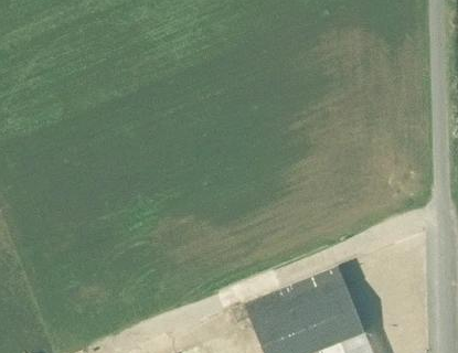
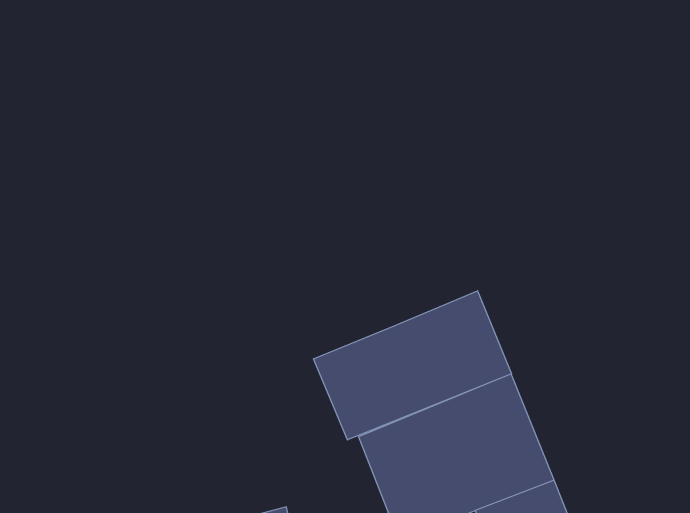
building: none -> [313,291,511,440]

